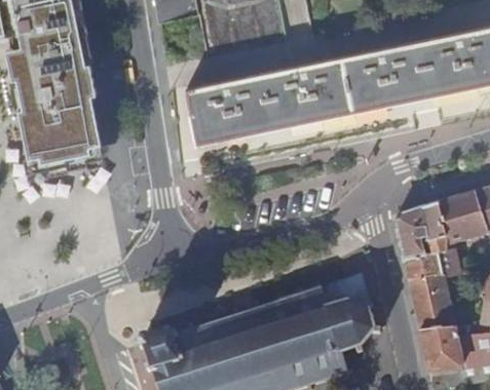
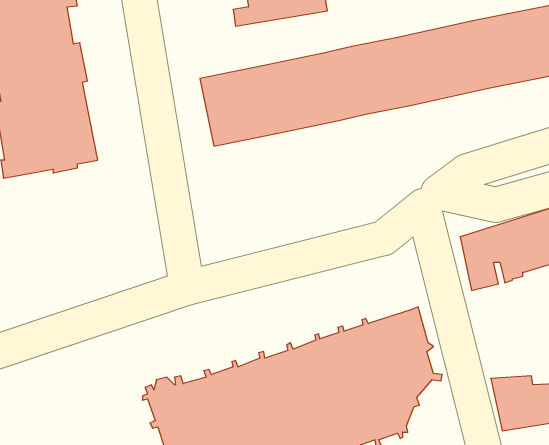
building: [405,254,455,333] -> none

